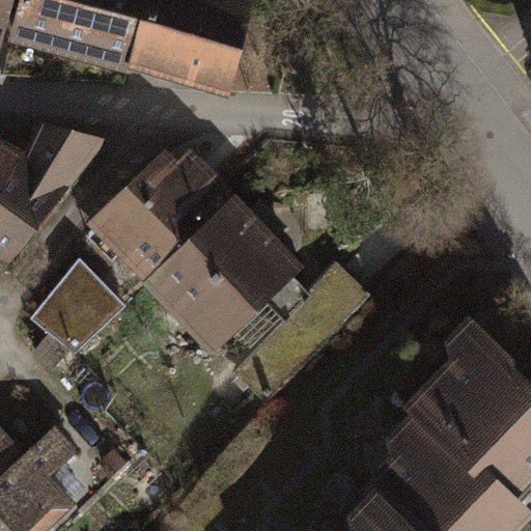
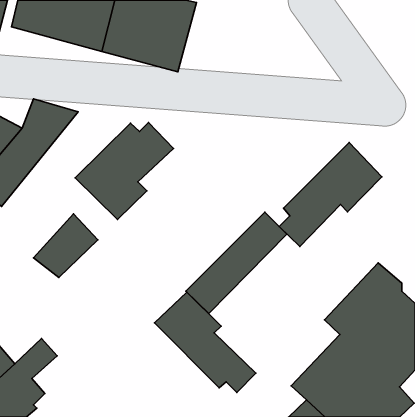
building: none -> [279,143,382,247]
building: [149,189,291,347] -> none
building: none -> [154,292,256,393]

